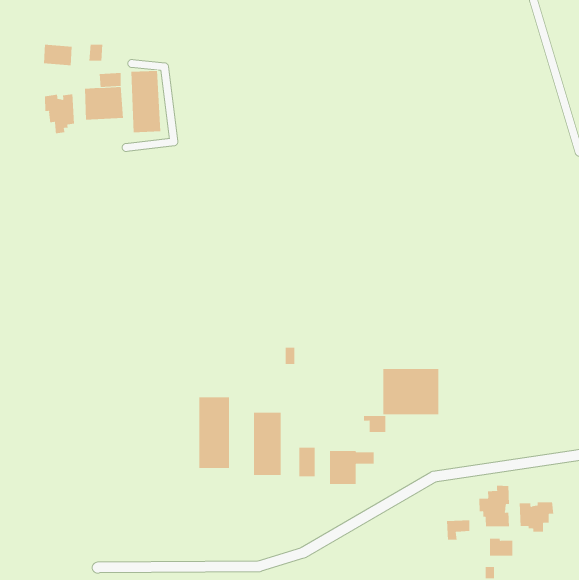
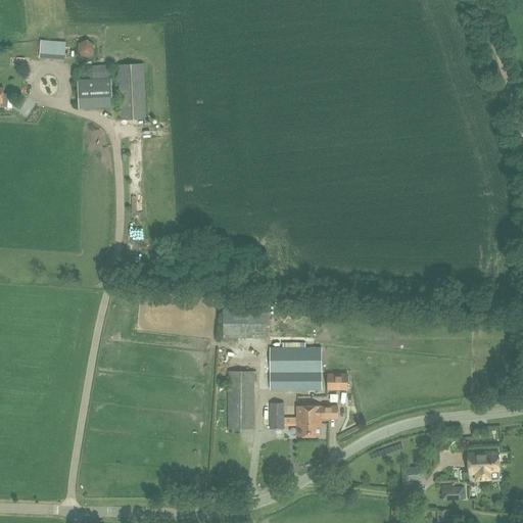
building: [44,93,75,134] -> none
building: [382,368,439,415] -> [270,347,321,389]
building: [199,397,230,469] -> none
building: [479,485,510,527] -> none

